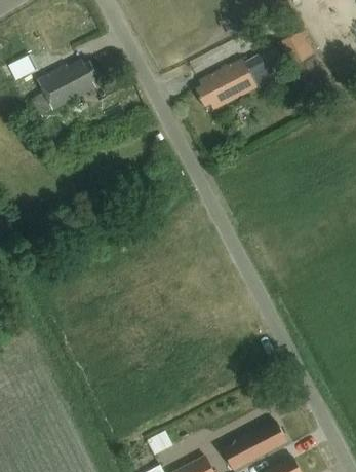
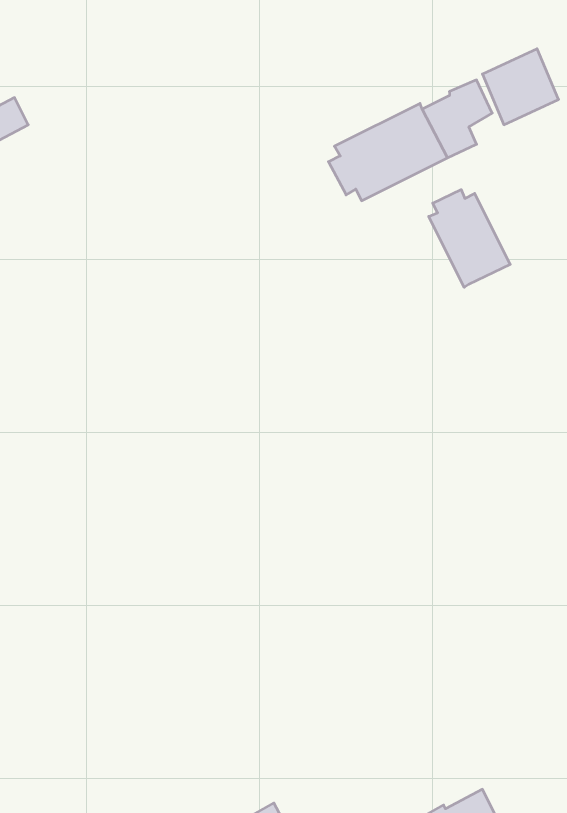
building: [33,60,98,115] -> none
building: none -> [429,190,510,287]

